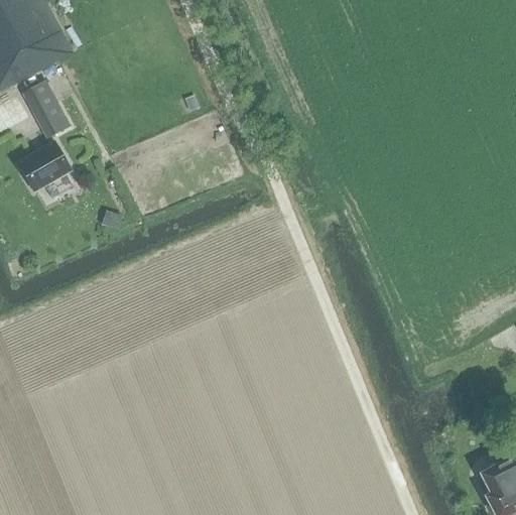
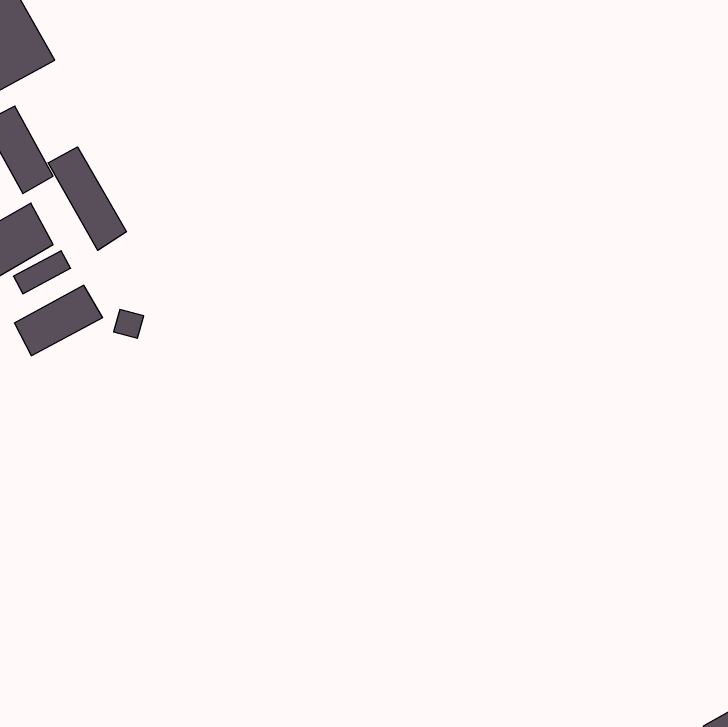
building: none -> [48,147,126,250]
building: none -> [14,285,103,356]

